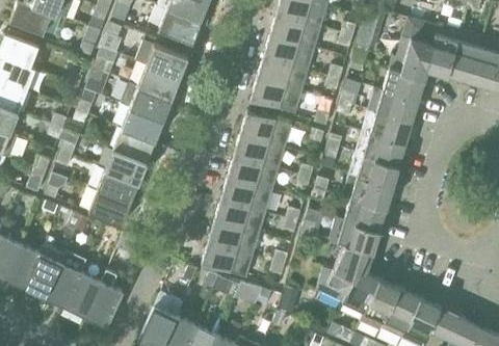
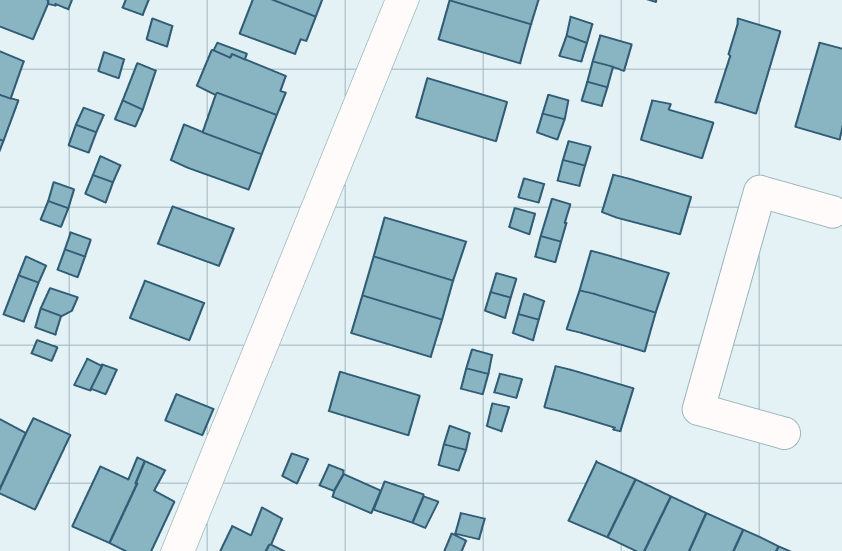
building: [389,17,438,81] -> none
building: [448,30,483,83] -> none
building: [264,34,316,70] -> none
building: [251,78,303,114] -> none
building: [368,88,418,123] -> none
building: [122,106,164,140] -> none
building: [240,112,292,148] -> none
building: [356,131,405,165] -> none
building: [106,149,148,182] -> none
building: [88,190,131,224] -> none
building: [215,198,266,234] -> none
building: [344,198,386,230] -> none
building: [202,242,254,278] -> none
building: [316,244,369,303] -> none
building: [45,256,85,307] -> none

